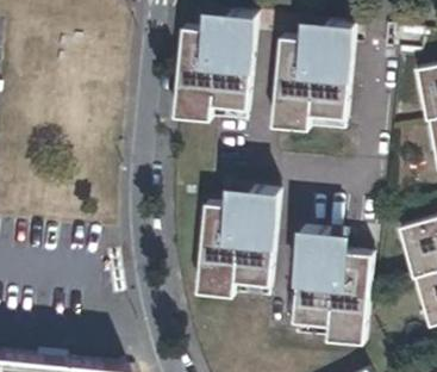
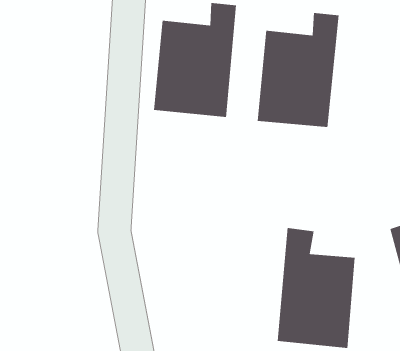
building: [200,186,280,296] -> none

